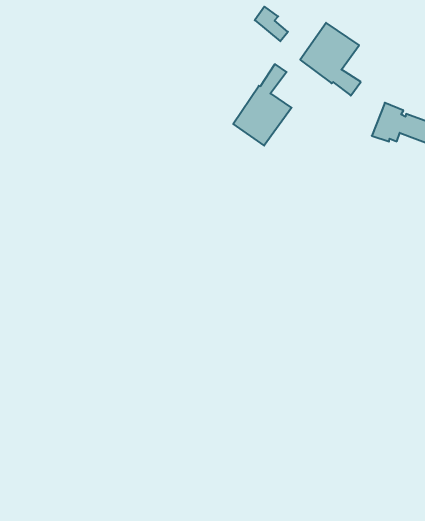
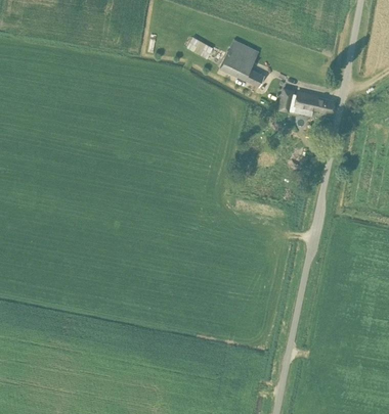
building: [233,64,292,146] -> none

